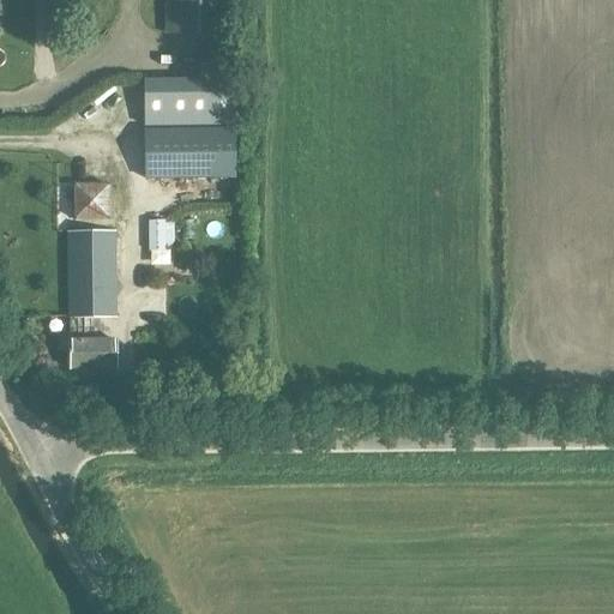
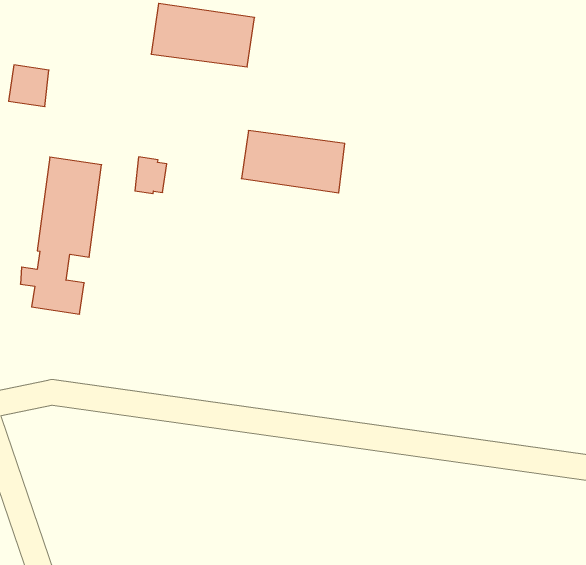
building: [145,128,235,174] -> [241,131,345,193]
building: [76,185,109,218] -> [9,65,49,107]

